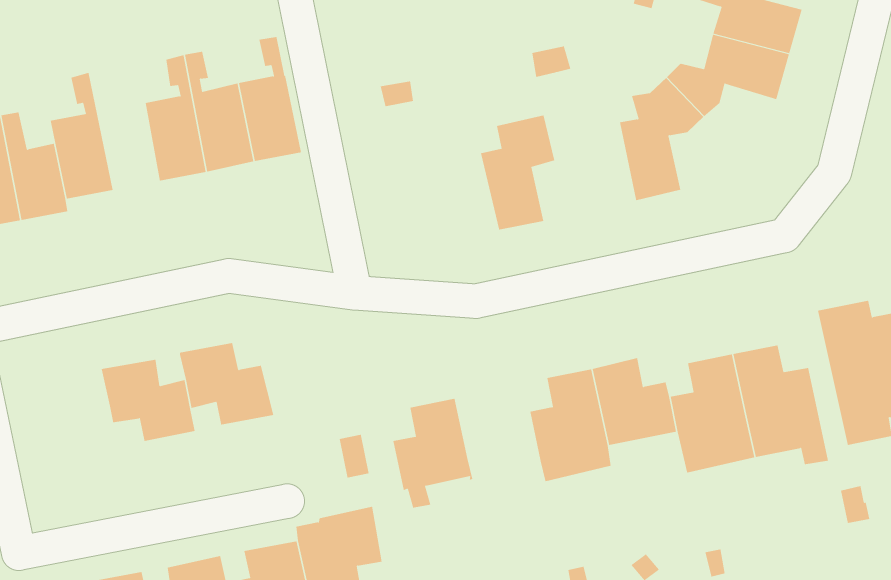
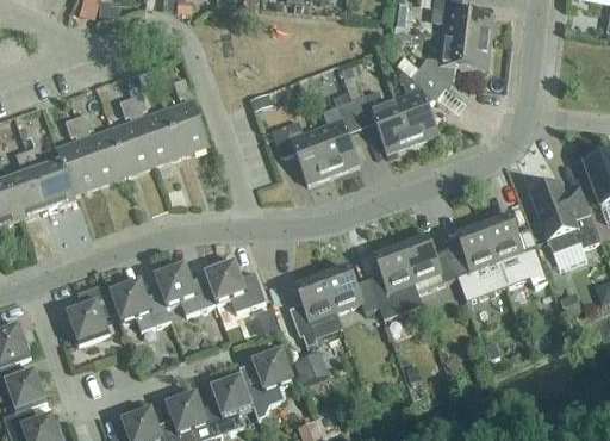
building: none -> [76,112,127,184]
building: none -> [350,89,412,153]
building: none -> [272,120,334,182]
building: none -> [205,260,266,311]
building: none -> [67,282,118,343]
building: none -> [323,266,379,311]
building: none -> [294,349,329,383]

